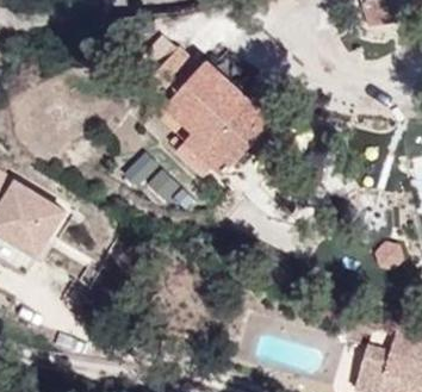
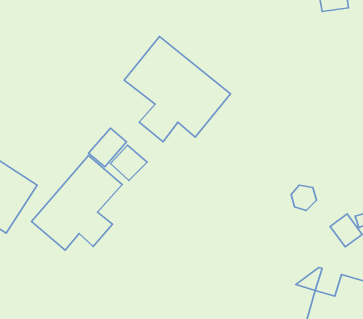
building: none -> [32,156,122,250]

